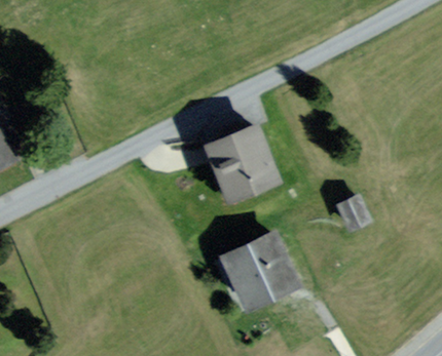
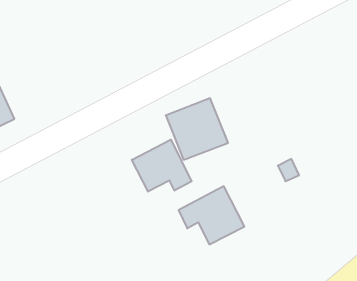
building: none -> [132,140,192,192]

